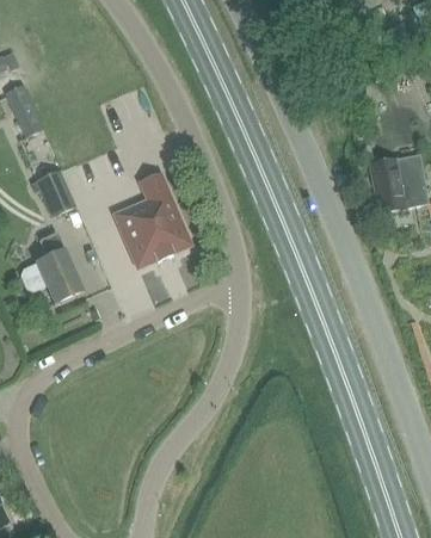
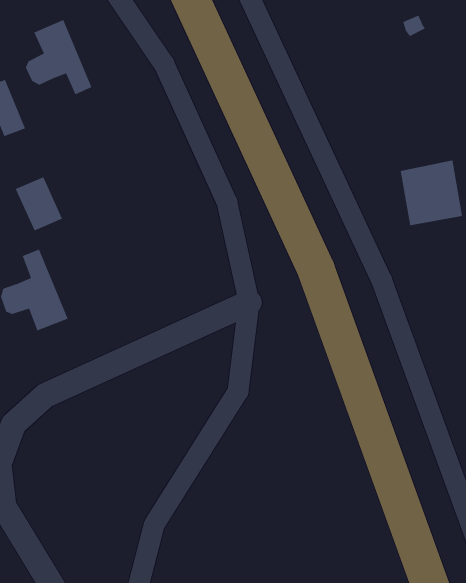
building: none -> [25,19,92,95]
building: [115,174,190,267] -> none

